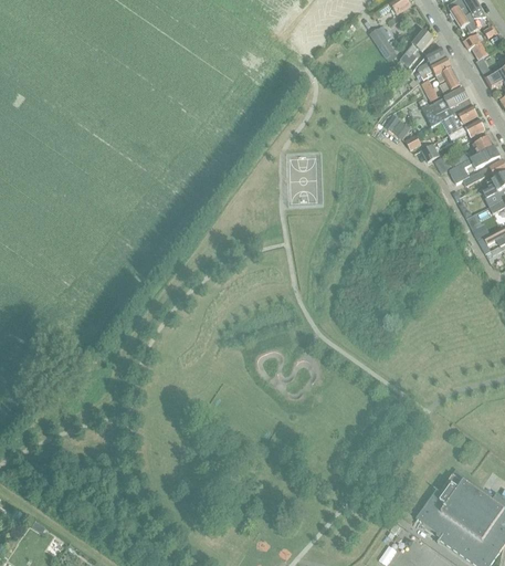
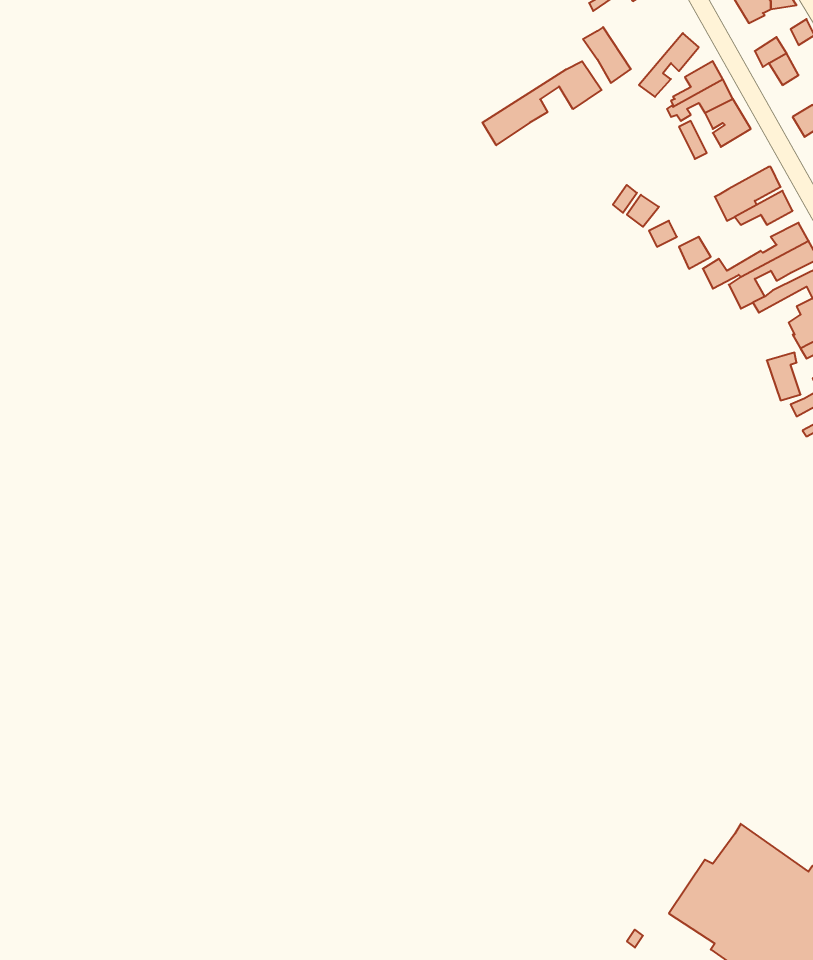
building: none -> [482,61,602,145]
building: [420,87,471,127] -> none

